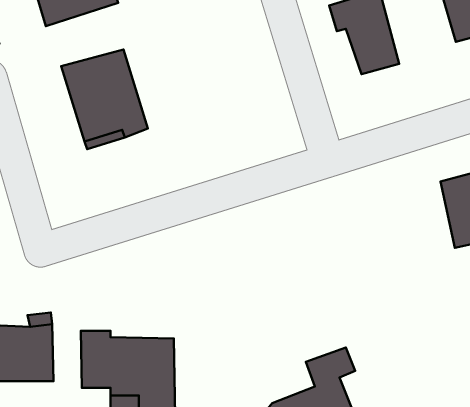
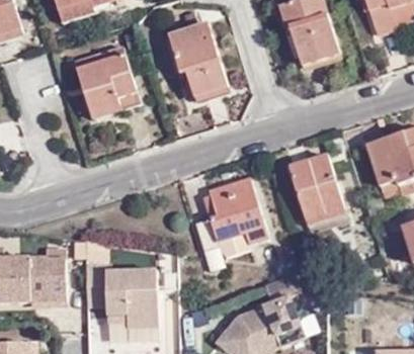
building: none -> [171,24,227,95]
building: none -> [285,157,344,229]
building: none -> [191,181,266,258]

